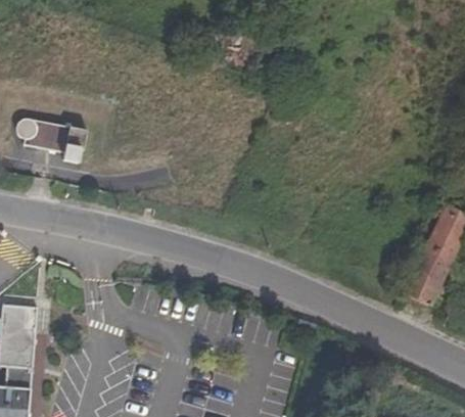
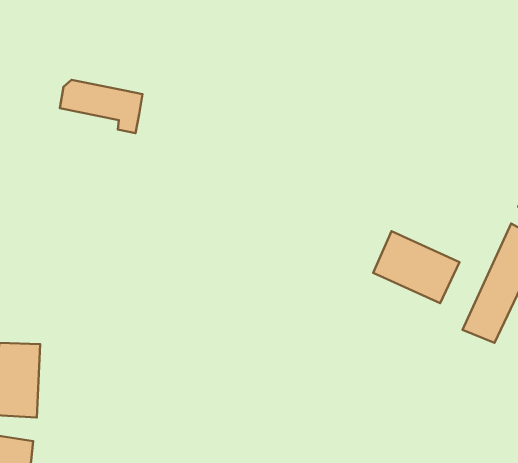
building: [12,118,84,164] -> [60,80,143,133]
building: none -> [373,231,460,303]

